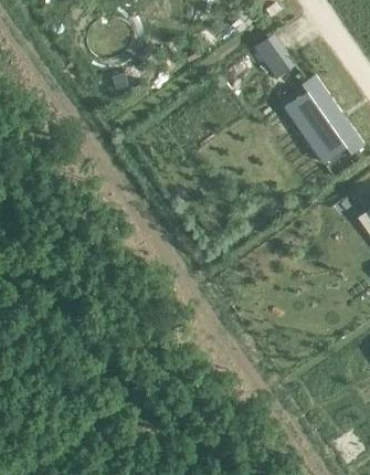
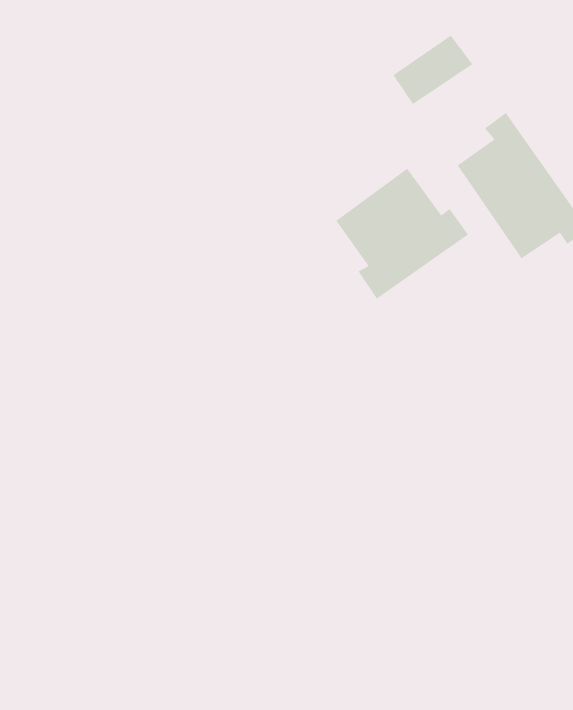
building: none -> [336,168,469,300]

